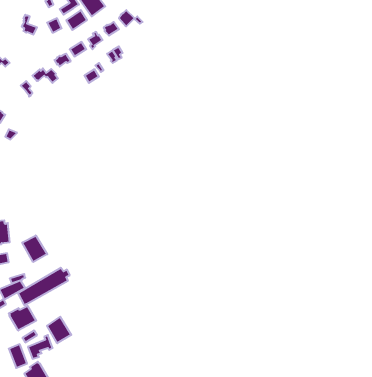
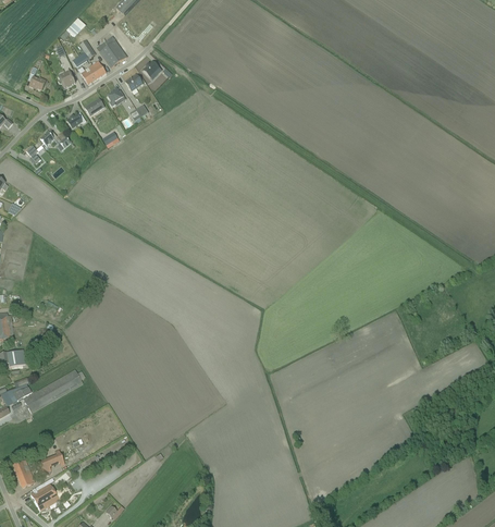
building: [22,235,47,262] -> none
building: [9,306,36,331] -> none
building: [47,317,71,343] -> none

